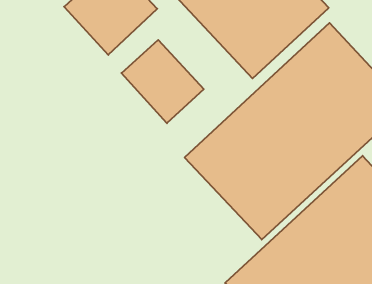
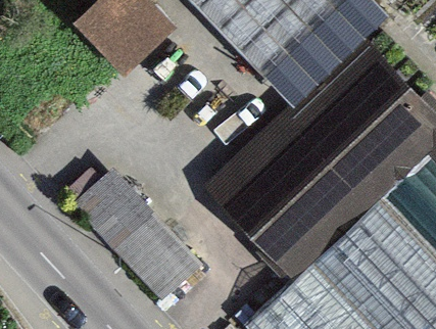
building: [121,40,204,123] -> none
building: none -> [77,160,220,309]

